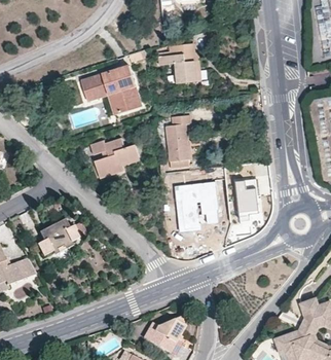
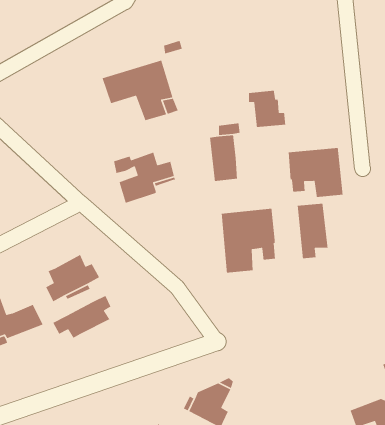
building: [171,52,200,82] -> [248,90,286,128]
building: none -> [288,147,344,198]
building: none -> [52,295,112,339]

